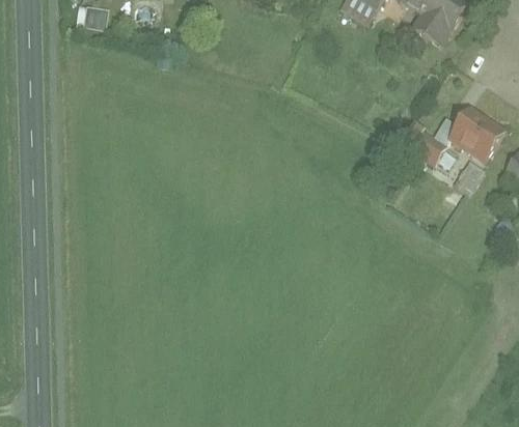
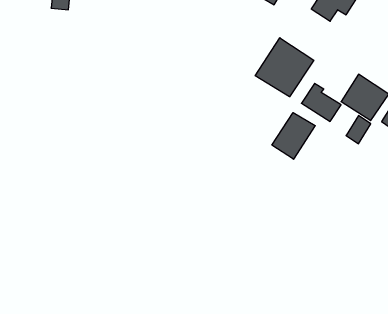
building: none -> [255,38,314,97]
building: none -> [272,113,315,159]

